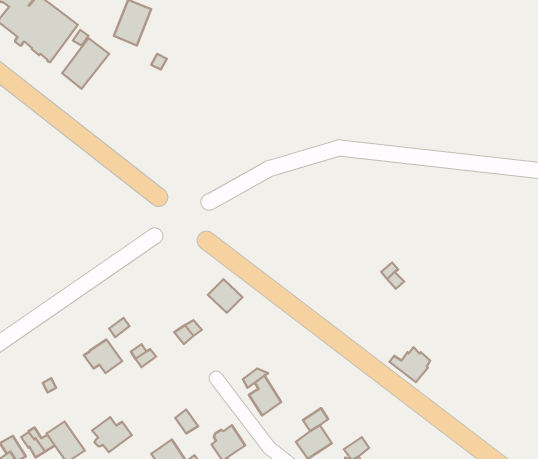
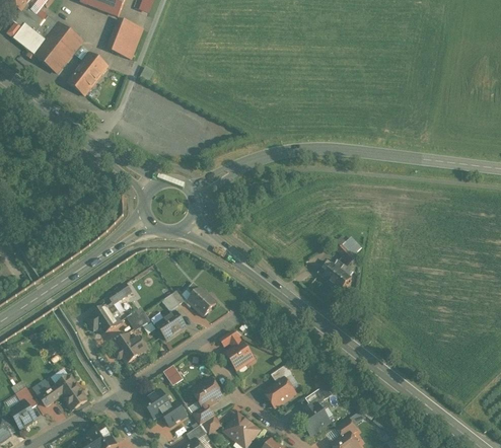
building: [208,279,243,313] -> [188,288,217,316]
building: none -> [156,310,186,340]
building: [389,347,430,382] -> [317,259,352,289]
building: [92,417,132,452] -> [113,332,146,362]

